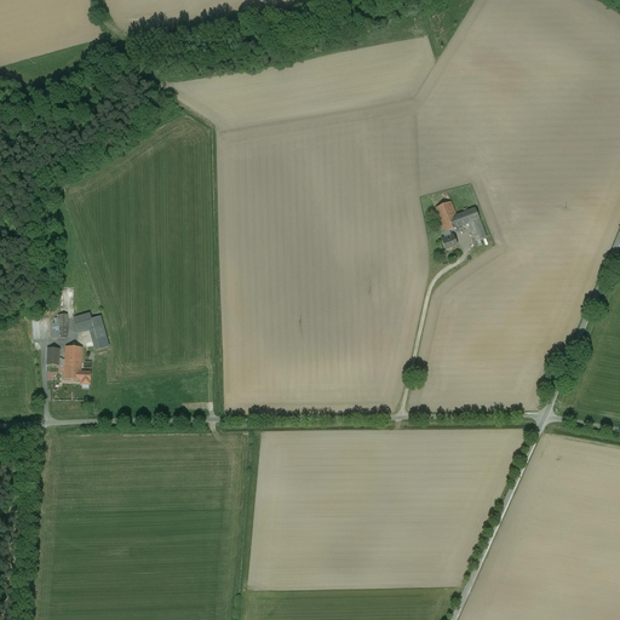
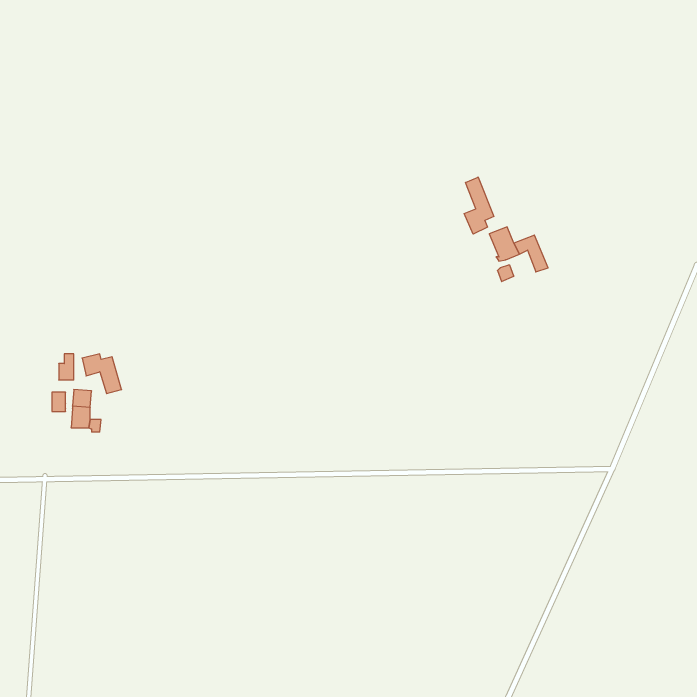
building: none -> [464,177,494,234]

